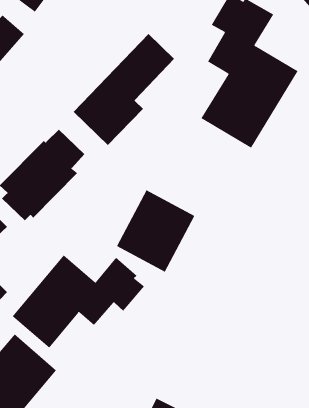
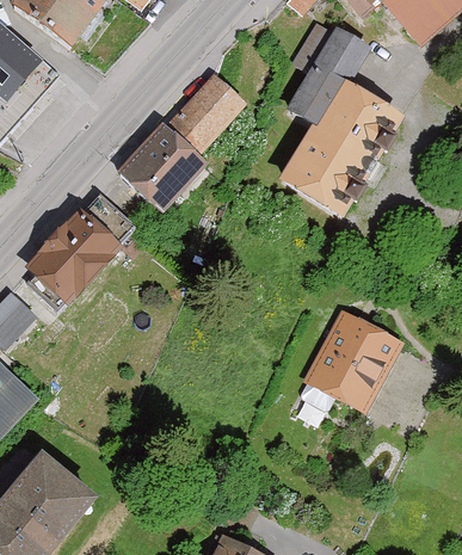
building: [116,189,195,273] -> [302,307,402,412]
building: [12,255,145,349] -> none

